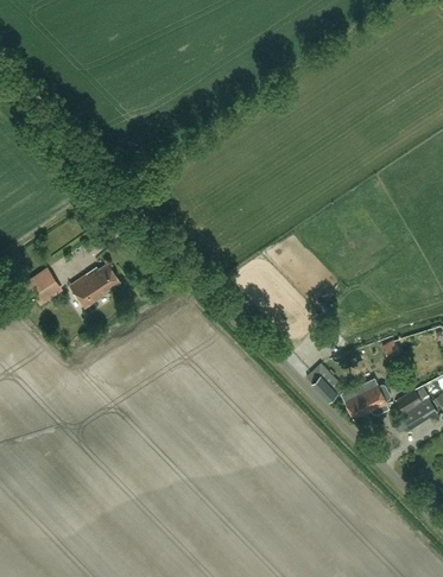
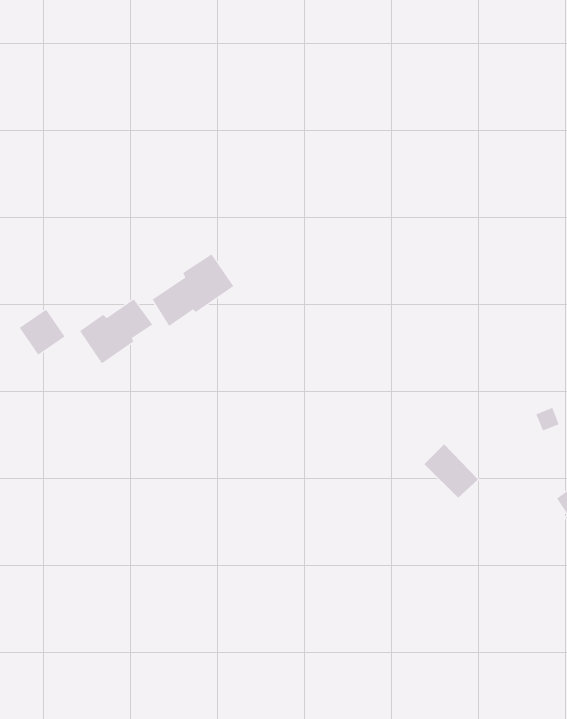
building: none -> [152,253,234,327]
building: [344,383,390,421] -> none

